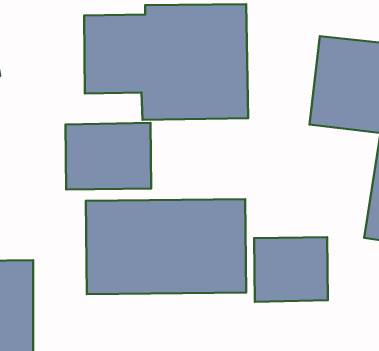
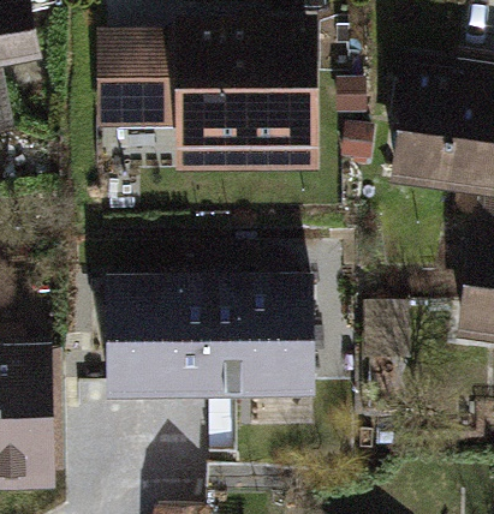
building: [65,123,151,190] -> none
building: [254,237,328,302] -> none

